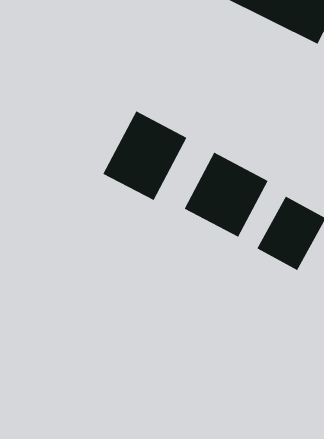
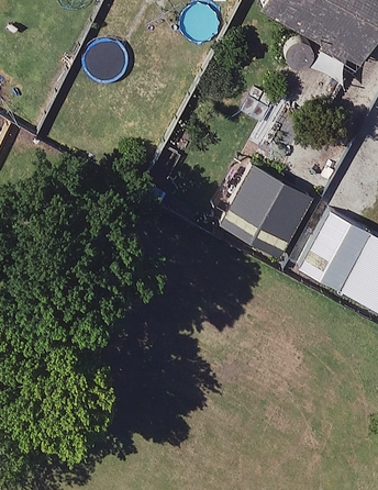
building: [103,110,187,201] -> none

